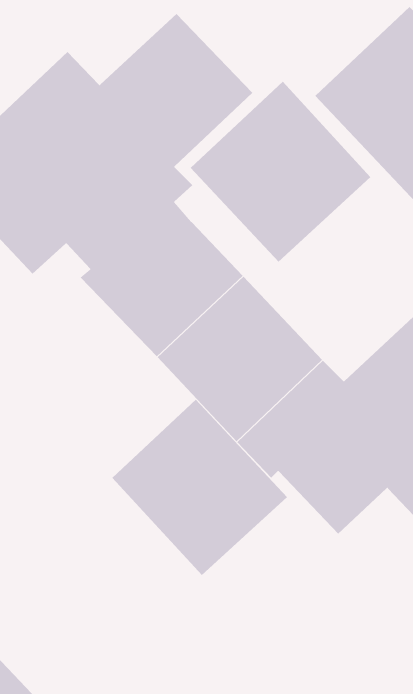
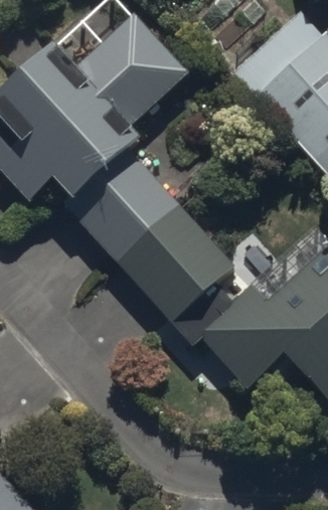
building: [190,81,371,263] -> none
building: [112,399,288,576] -> none

